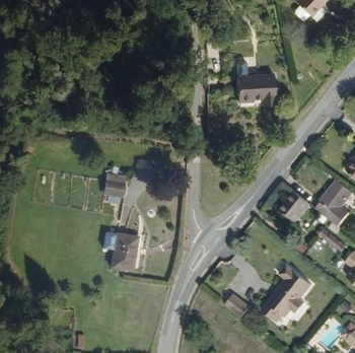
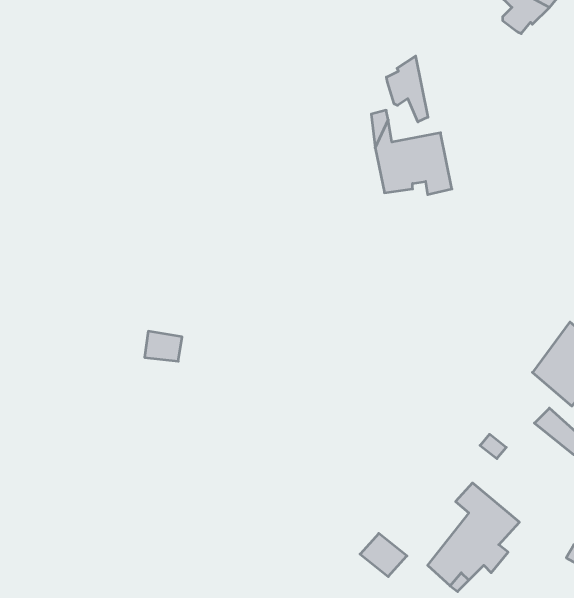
building: none -> [386,56,428,122]
building: [279,186,311,219] -> none
building: [115,235,139,272] -> none

